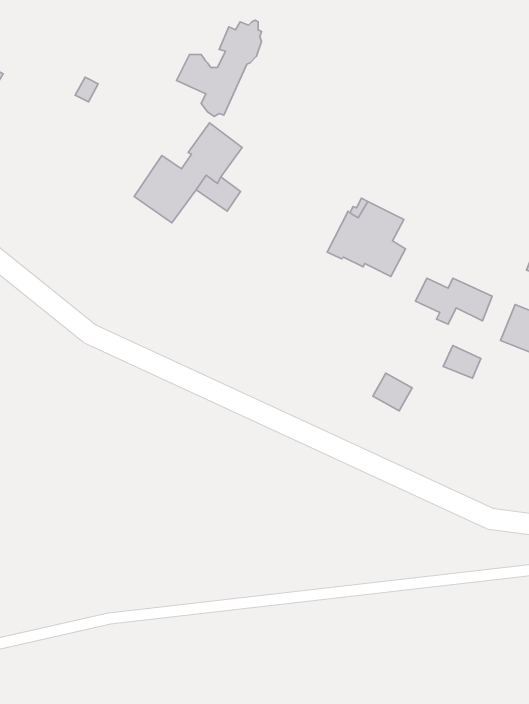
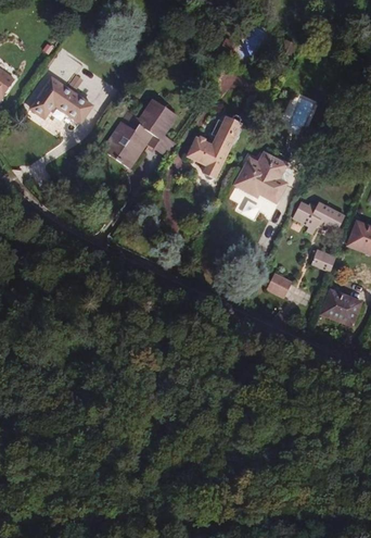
building: [177,20,262,117] -> [181,117,238,182]
building: none -> [33,76,93,121]
building: none -> [321,290,360,326]

